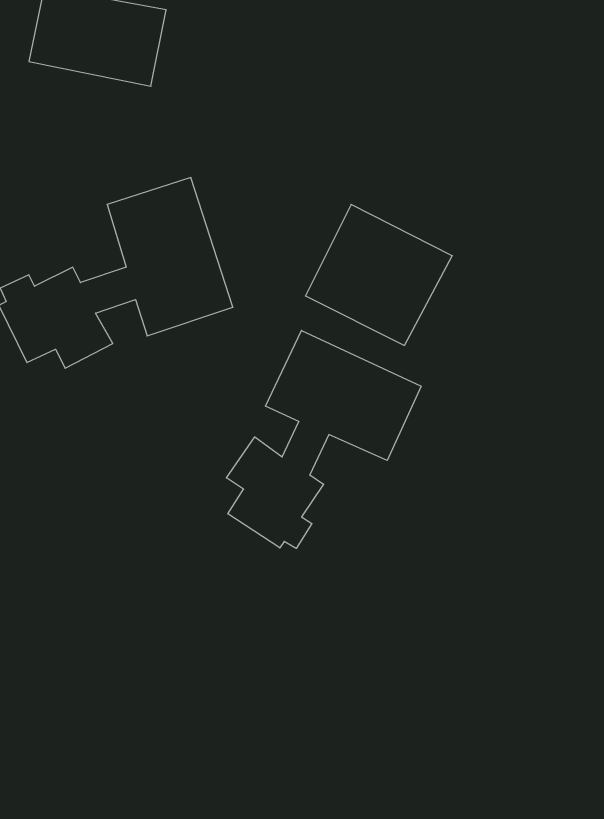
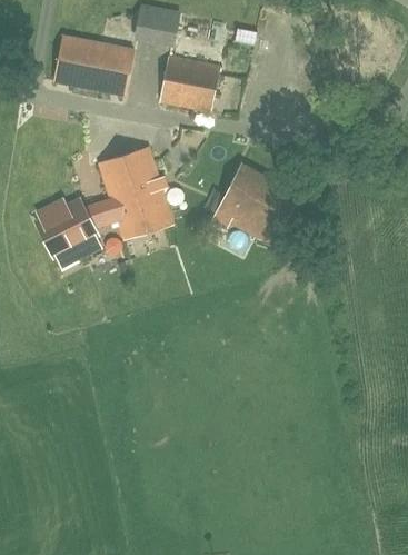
building: none -> [159,57,219,111]
building: [226,330,421,548] -> none

